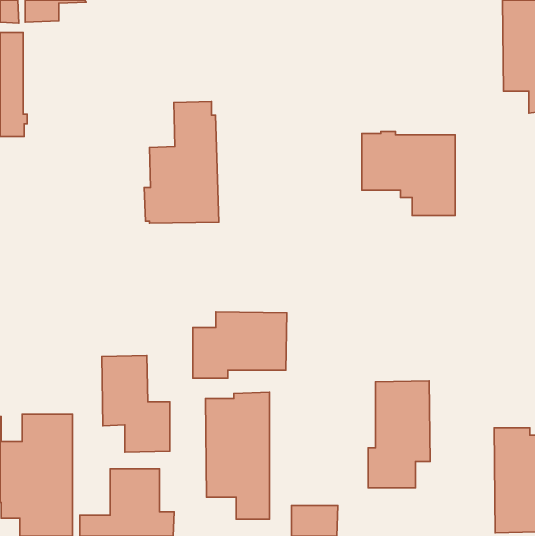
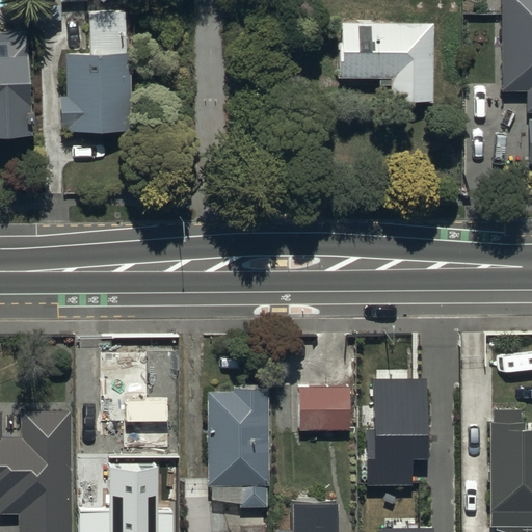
building: [144,101,219,223] -> [58,10,132,131]
building: [362,132,455,215] -> [339,20,431,103]
building: [193,312,287,378] -> none
building: none -> [300,391,351,433]

